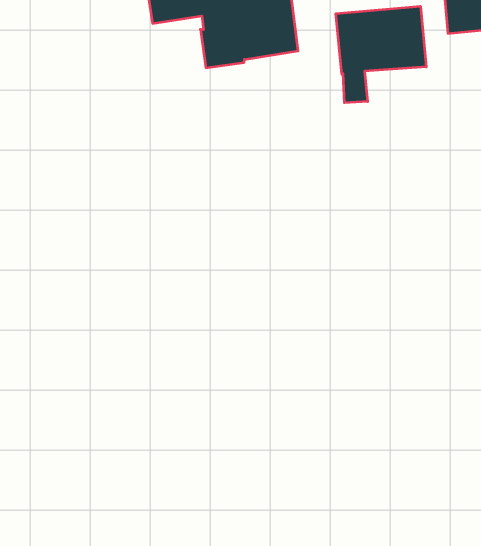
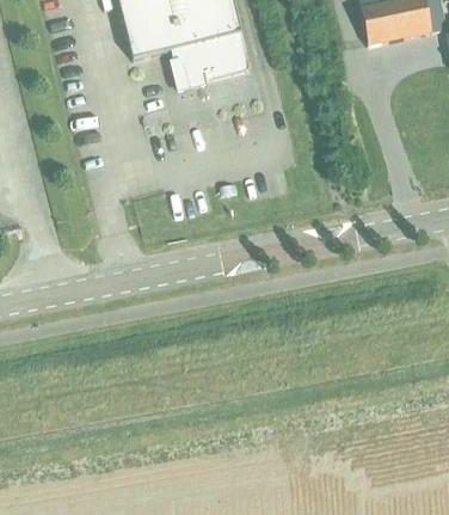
building: [336,6,426,103] -> none

